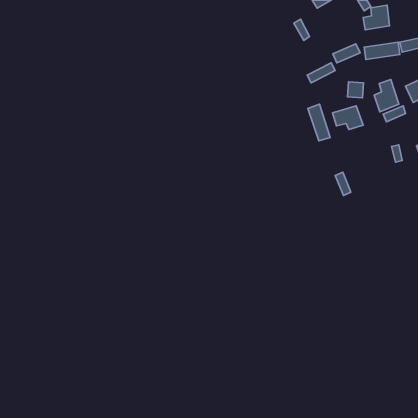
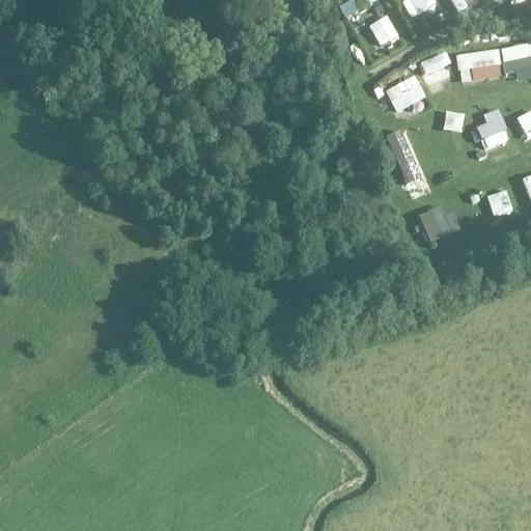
building: [363,5,390,30] -> none
building: [332,106,363,130] -> none

